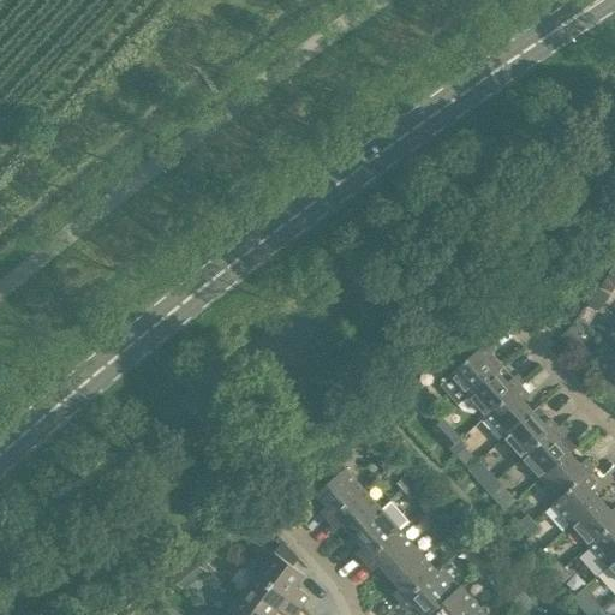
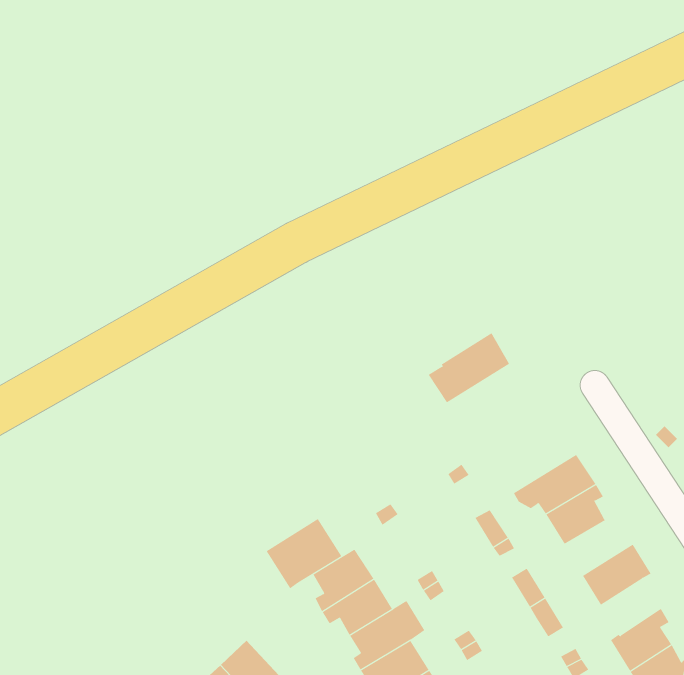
building: [441,346,502,406] -> [428,333,510,403]
building: [504,407,557,460] -> none
building: none -> [266,518,342,589]
building: [541,454,595,501] -> none

